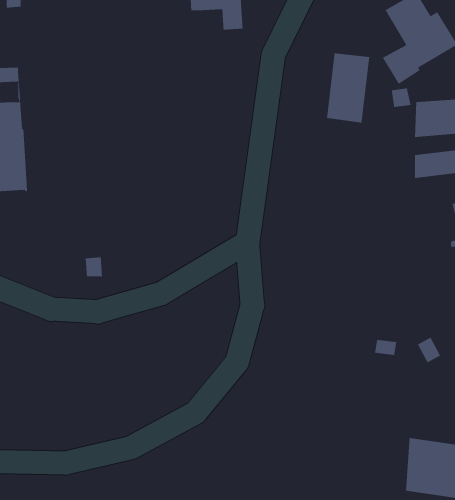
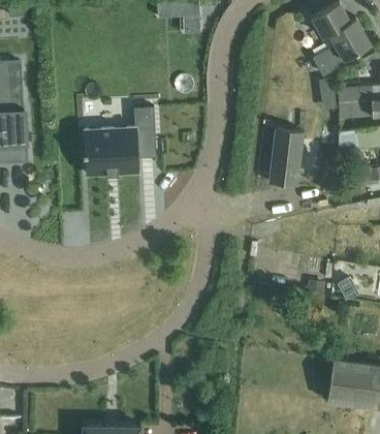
building: [326,53,370,124] -> [268,128,304,185]
building: none -> [84,106,156,175]

